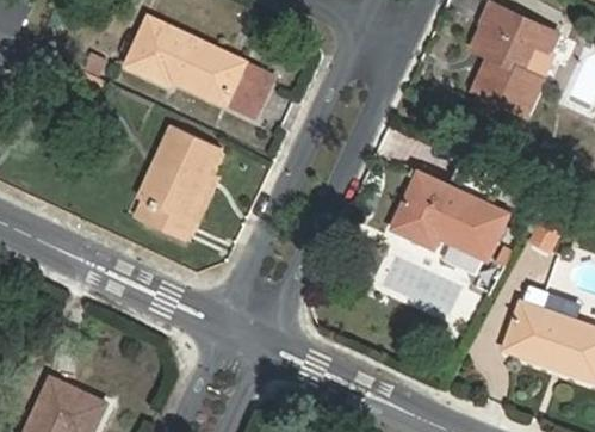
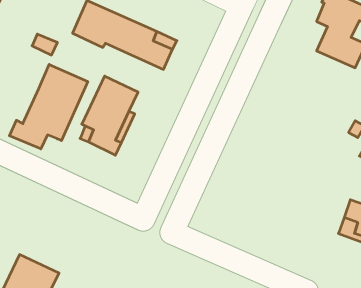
building: none -> [9,64,88,149]
building: [391,172,508,258] -> none

